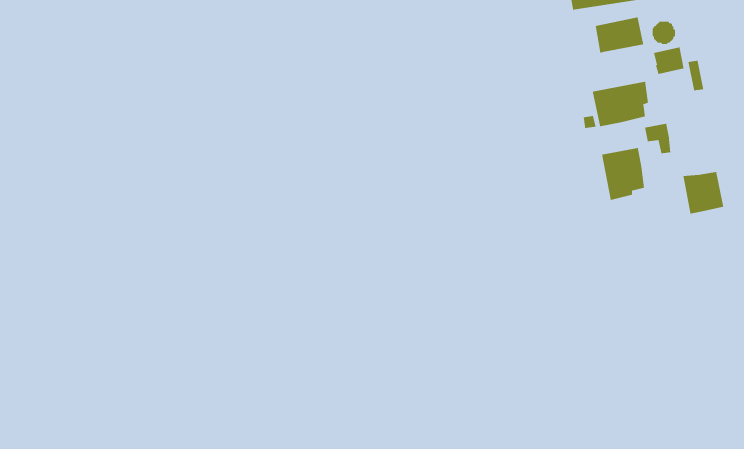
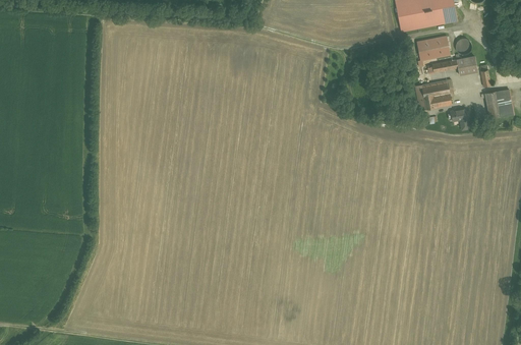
building: [601,147,645,201] -> none
building: [682,171,724,215] -> [484,90,513,119]

